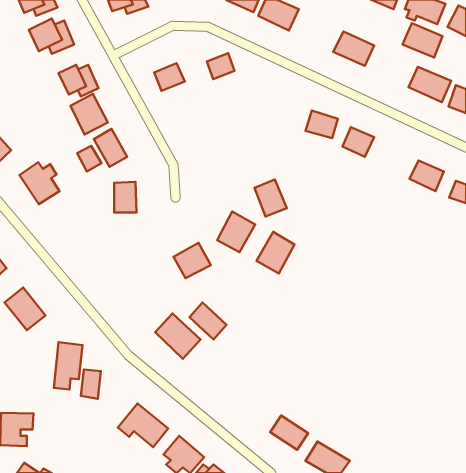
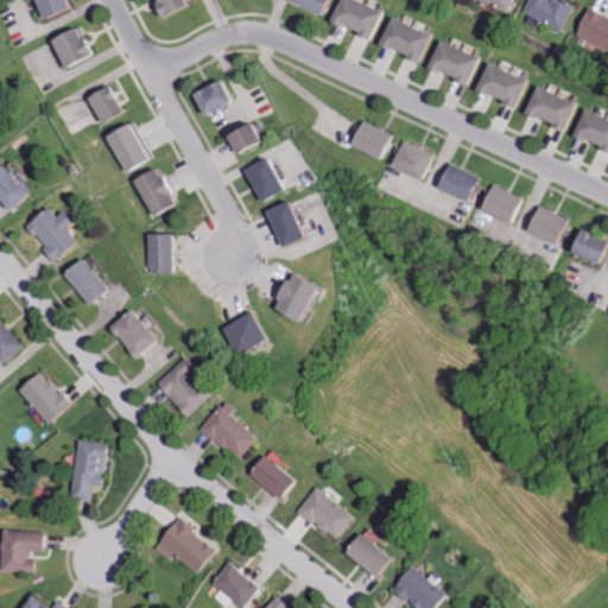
building: none -> [379,17,431,62]
building: [403,23,443,58] -> [476,63,527,107]
building: [207,53,235,79] -> [232,121,267,154]
building: none -> [352,120,392,158]
building: none -> [248,156,290,203]
building: none -> [480,185,521,221]
building: [77,146,101,171] -> none
building: [254,179,287,216] -> [271,201,312,248]
building: none -> [63,259,109,305]
building: [256,232,295,274] -> none
building: none -> [109,309,158,359]
building: none -> [144,357,202,416]
building: [189,302,227,340] -> [249,452,297,500]
building: [81,369,101,399] -> none
building: none -> [294,486,352,539]

